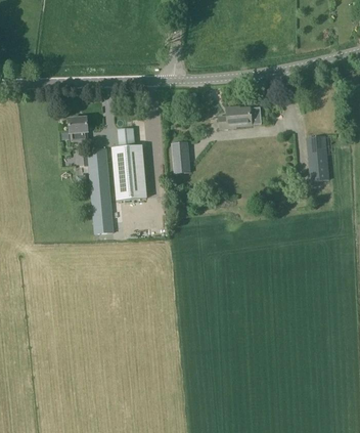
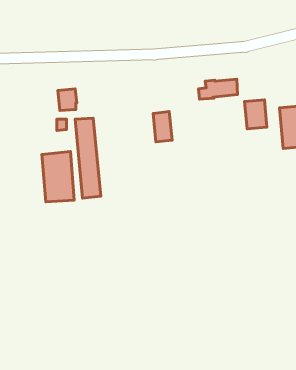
building: none -> [244,100,267,129]
building: [111,144,146,199] -> [42,152,74,202]

